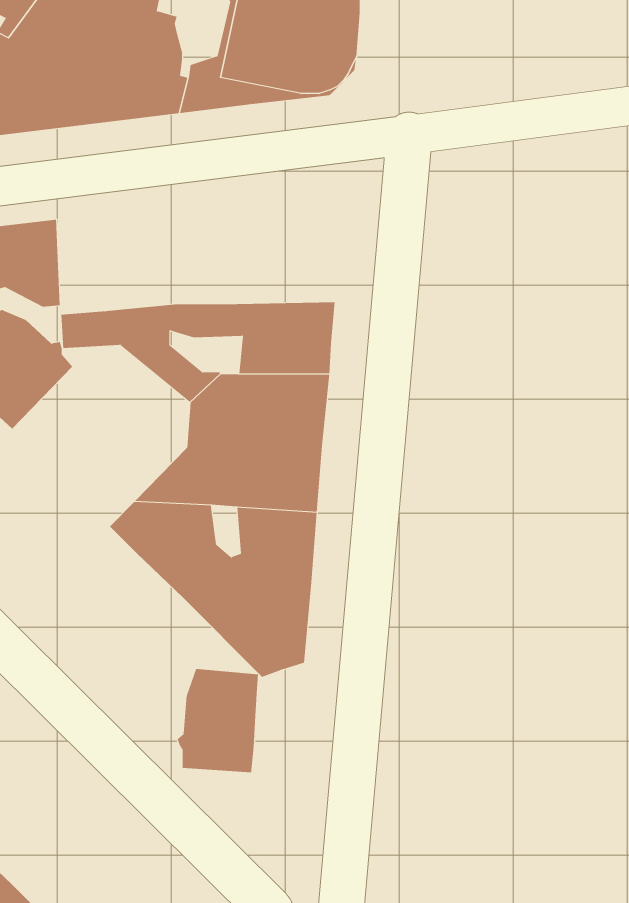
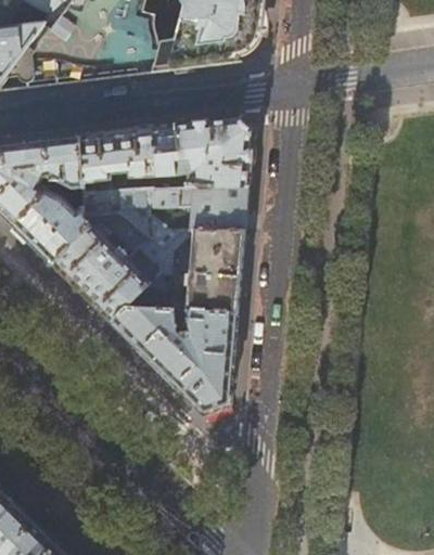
building: none -> [76,115,250,192]
building: none -> [49,210,156,320]
building: [177,668,258,773] -> none

